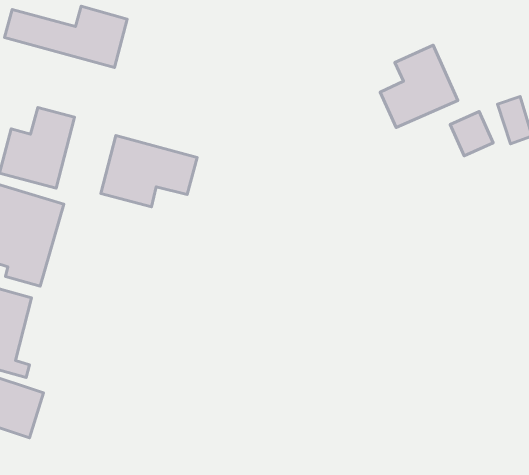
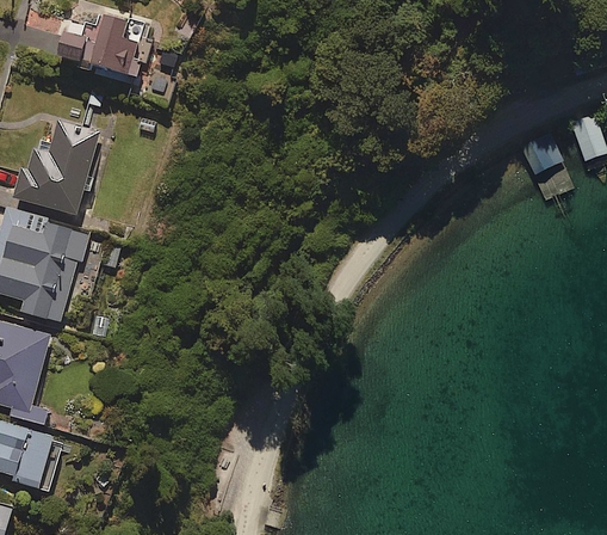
building: [380,45,458,128] -> none
building: [101,136,197,207] -> none

